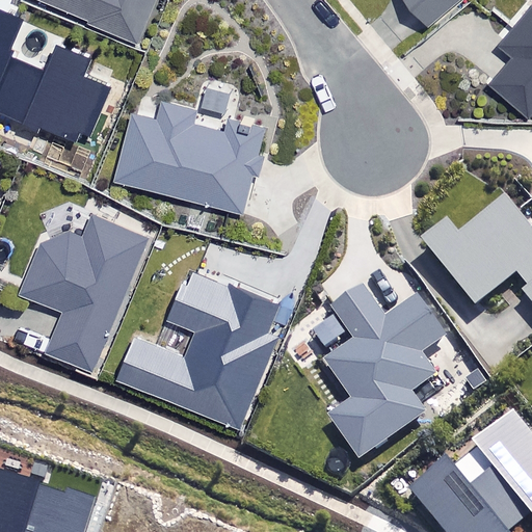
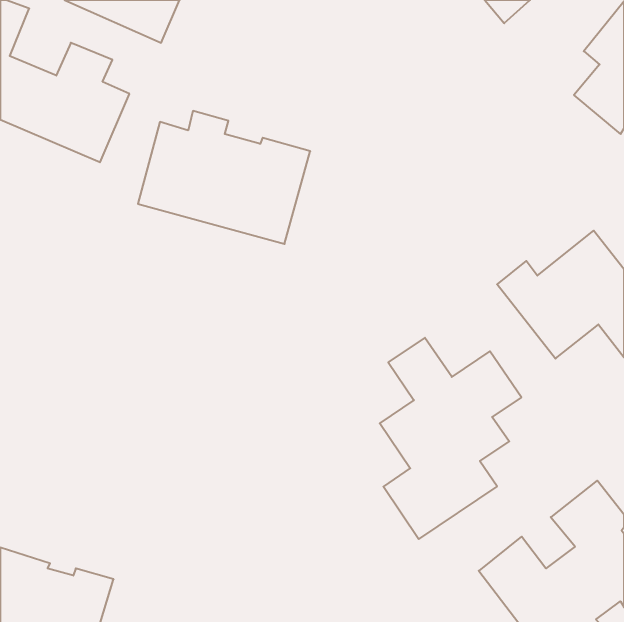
building: [23,210,148,363] -> none
building: [116,269,281,434] -> none

